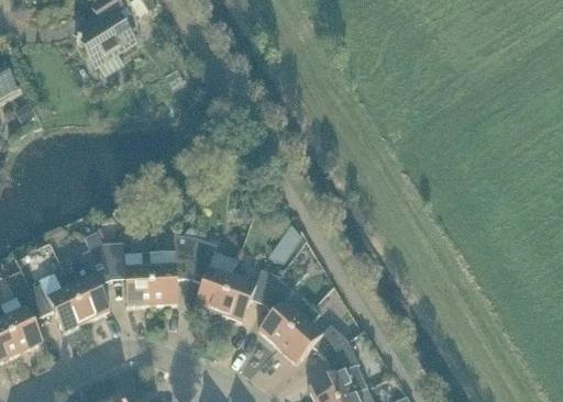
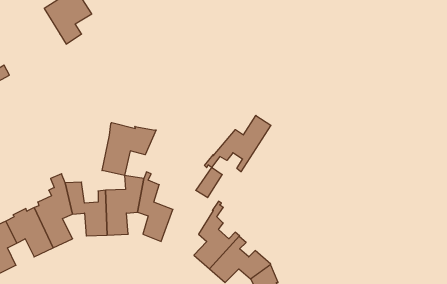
building: none -> [205,115,271,172]
building: none -> [102,123,156,176]
building: [218,268,280,323] -> none

